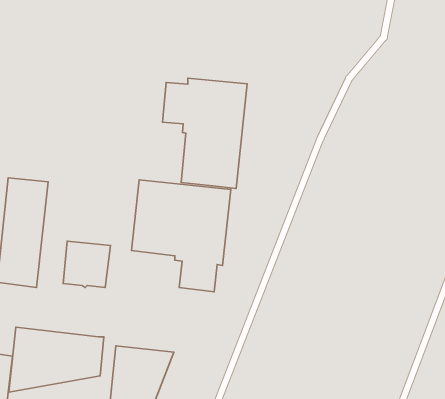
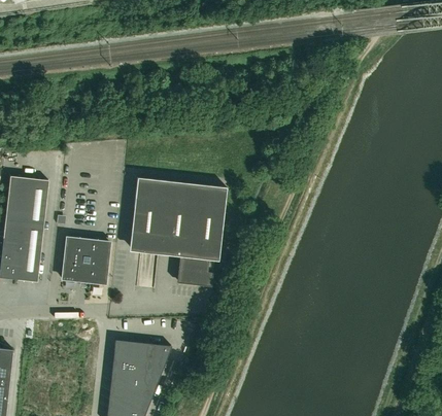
building: [163,78,247,188] -> none
building: [9,327,104,392] -> none

